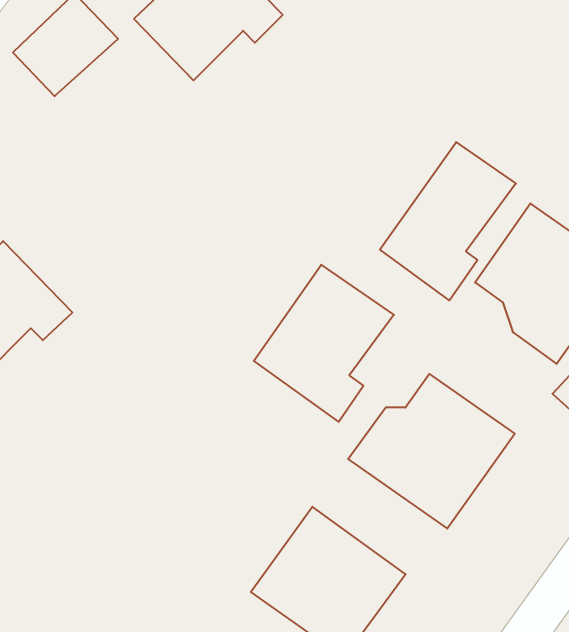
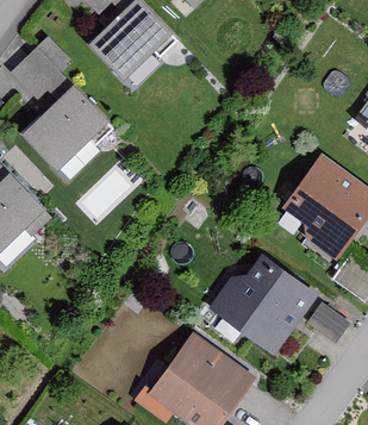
building: none -> [20,88,110,170]
building: [380,142,516,300] -> none
building: [254,265,394,422] -> none

